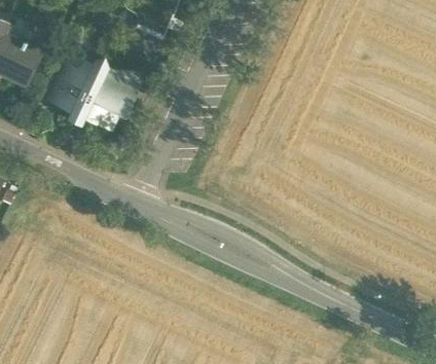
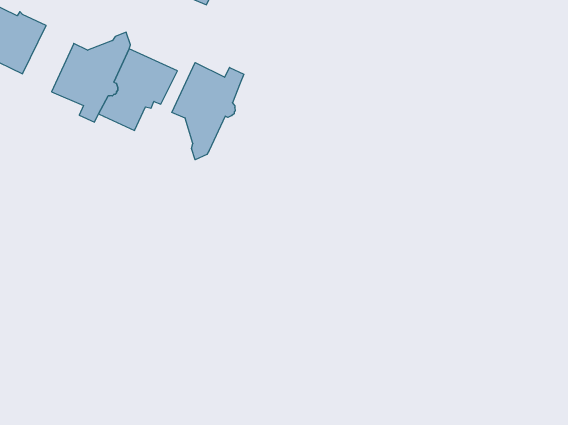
building: none -> [172,63,244,160]

